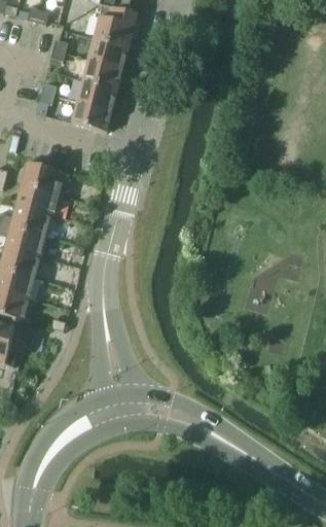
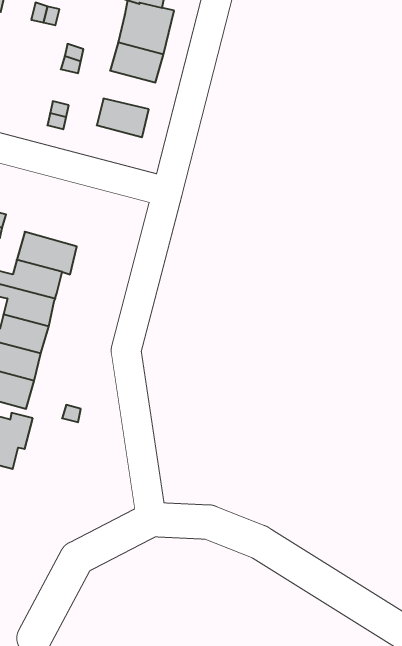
building: [82,59,122,89] -> none
building: [71,101,112,132] -> none
building: [22,162,68,195] -> none

